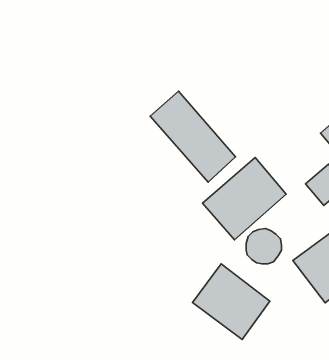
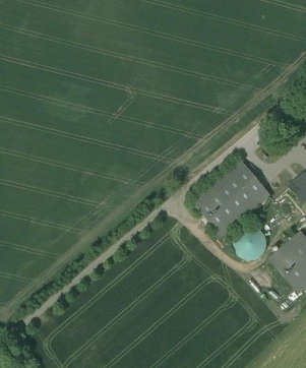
building: [150,91,235,182] -> none
building: [192,264,270,340] -> none

